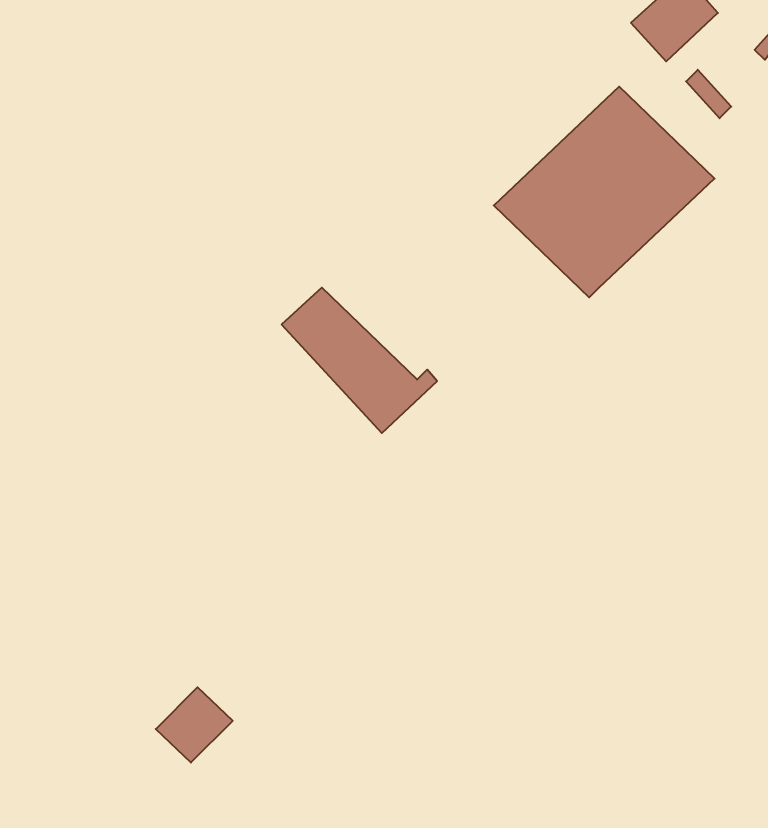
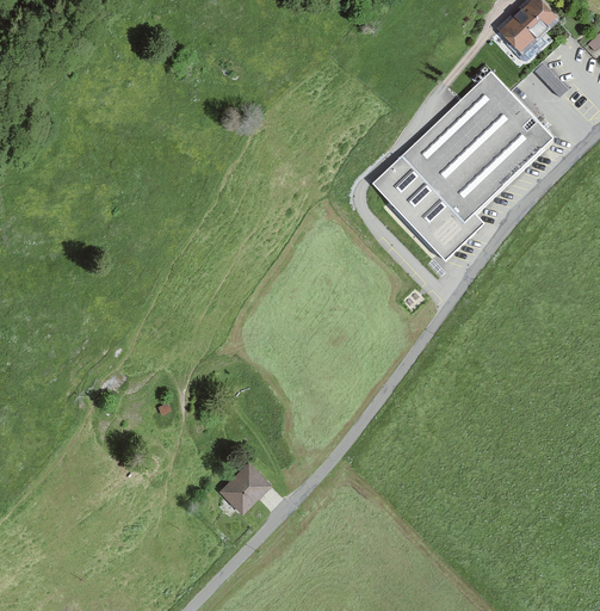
building: [282,288,437,433] -> [370,156,481,260]
building: [156,687,233,763] -> [217,462,272,516]

